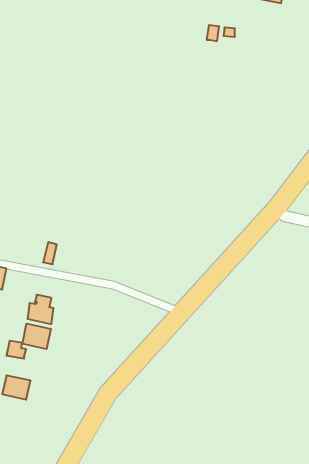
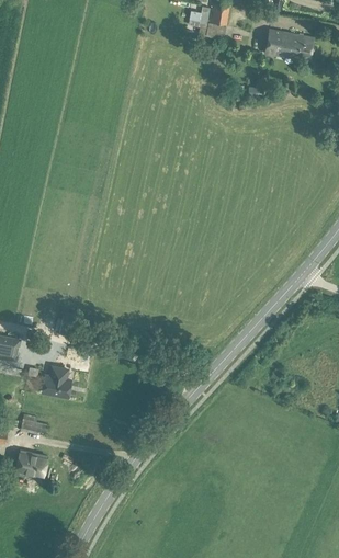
building: [22,324,51,349] -> none

